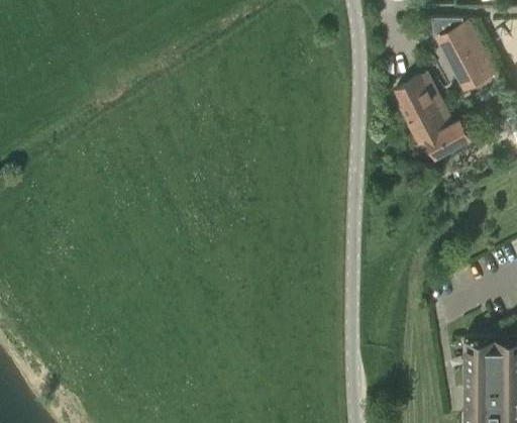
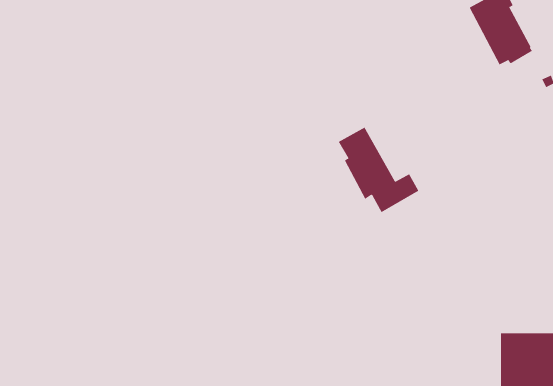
building: [397,78,473,157] -> [338,127,419,213]

